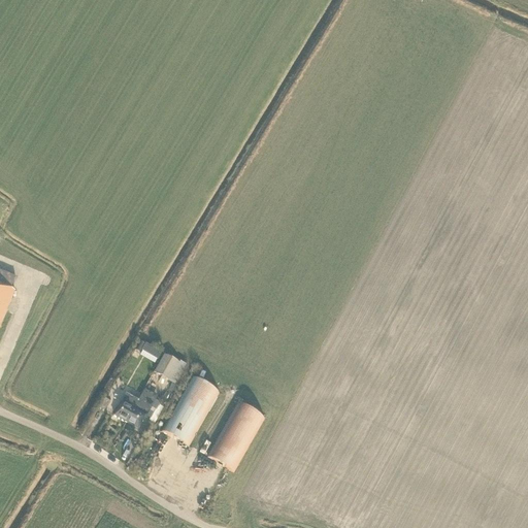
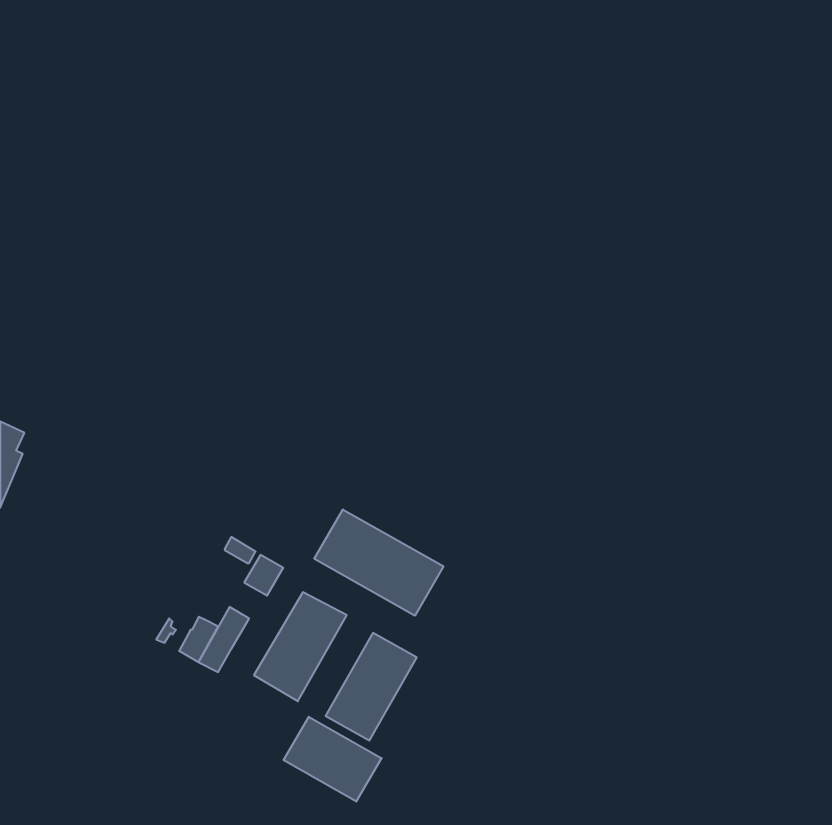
building: none -> [314,509,443,616]
building: none -> [284,717,382,802]

